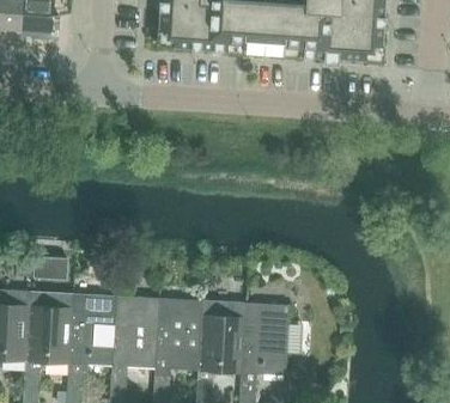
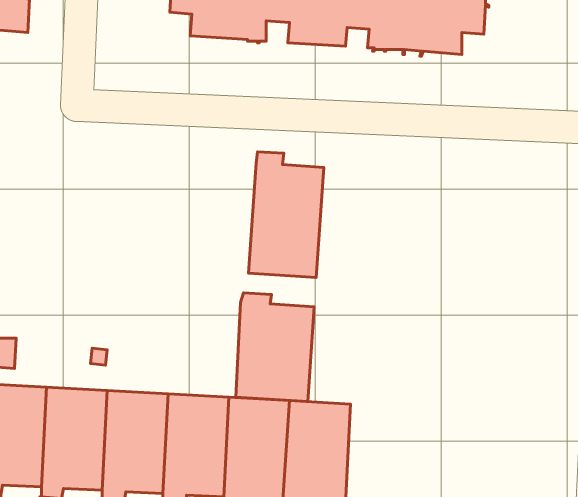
building: none -> [249,152,324,278]
building: none -> [236,293,314,402]

